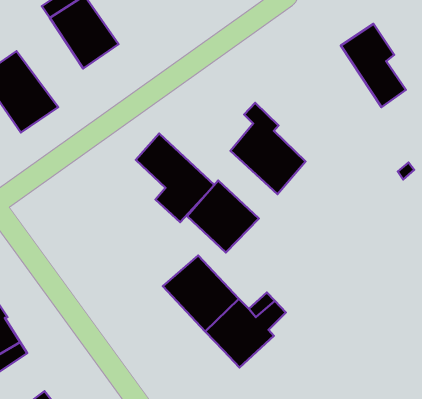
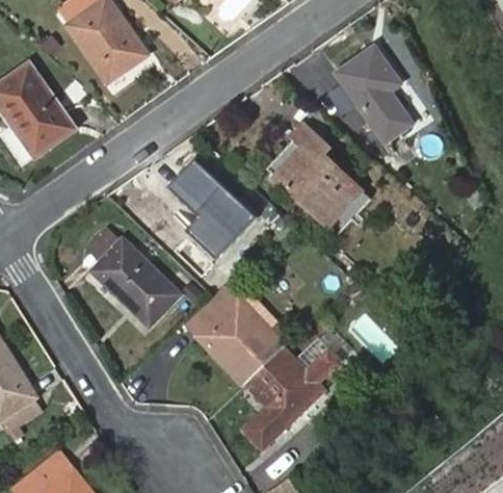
building: [341,24,406,107] -> [338,47,413,142]
building: [187,181,259,253] -> none
building: none -> [90,238,180,325]
building: none -> [243,407,286,448]

